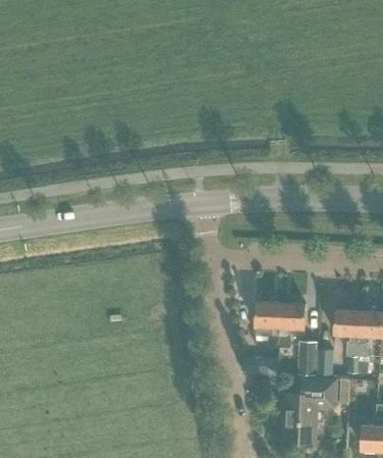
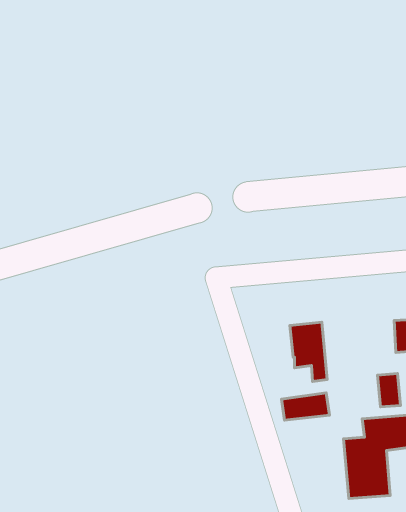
building: [279,303,306,348] -> none
building: [298,342,317,375] -> none

